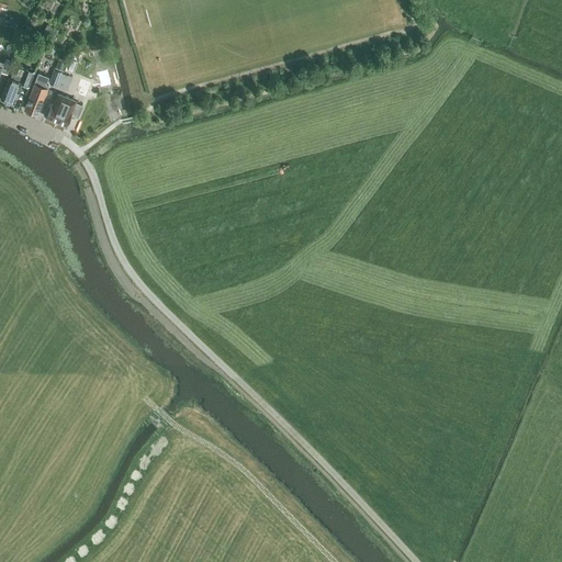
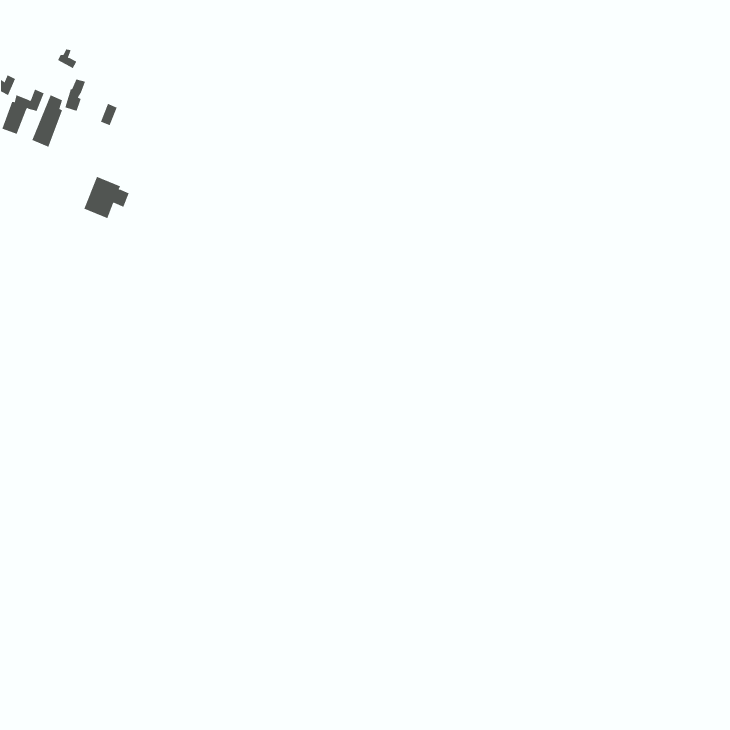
building: [48,93,83,126] -> [84,176,129,219]

